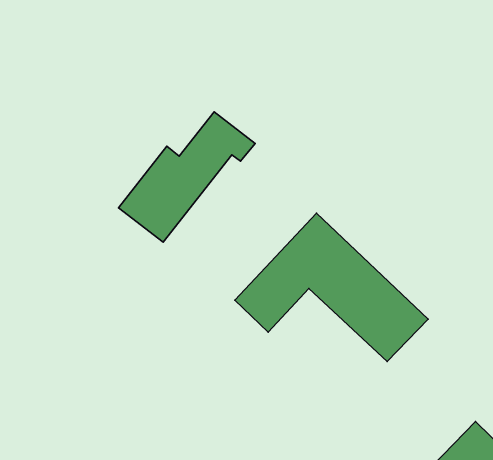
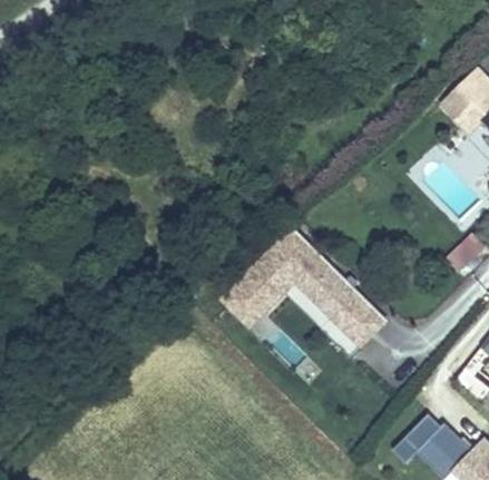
building: [119,112,255,242] -> none

